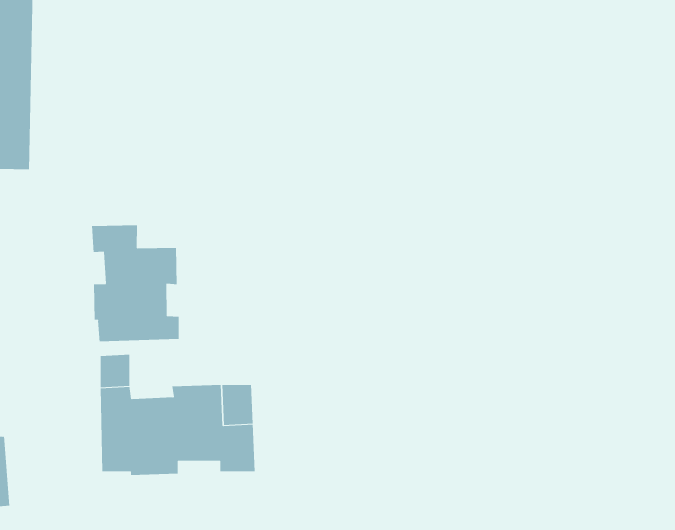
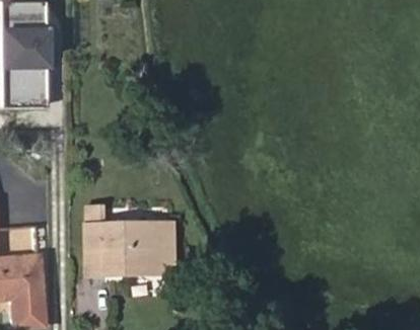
building: [92,225,179,342] -> none

